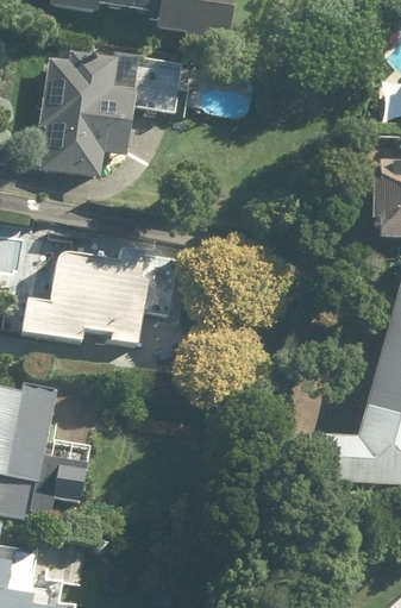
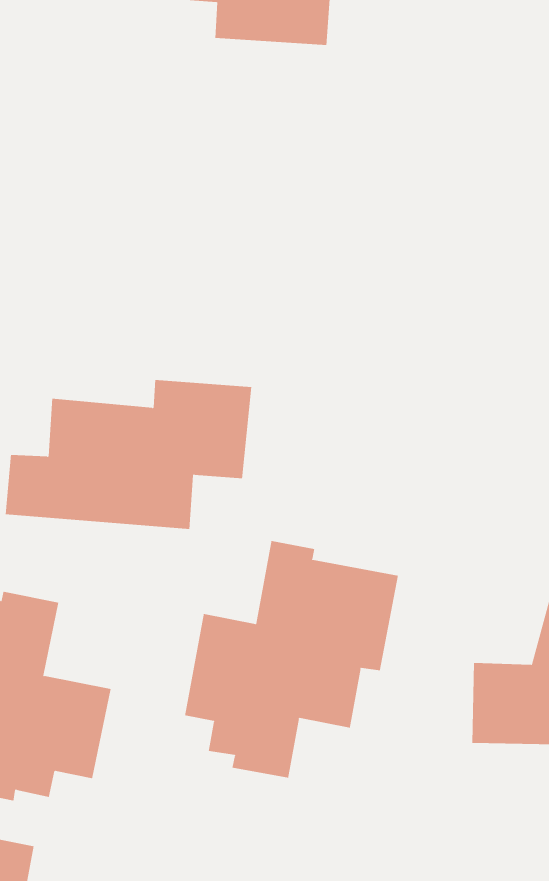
building: [46,52,180,176] -> none
building: none -> [185,540,399,779]

